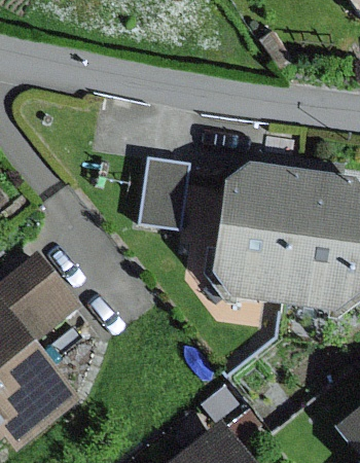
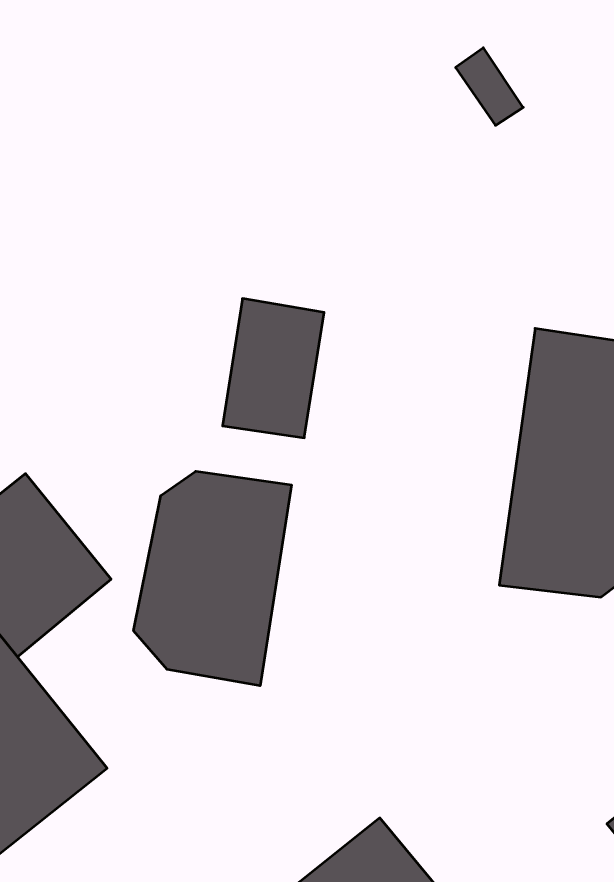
building: [210,165,300,305] -> none
building: none -> [134,471,291,686]

